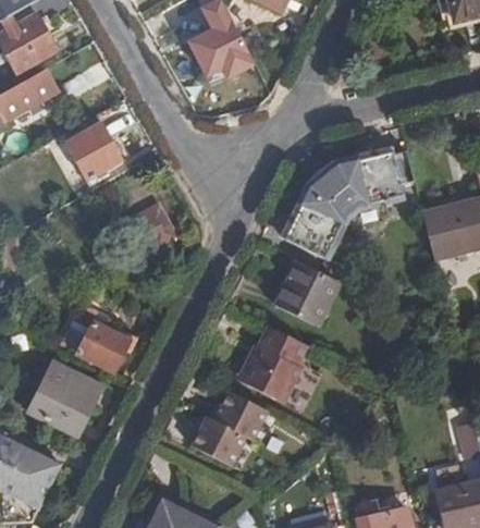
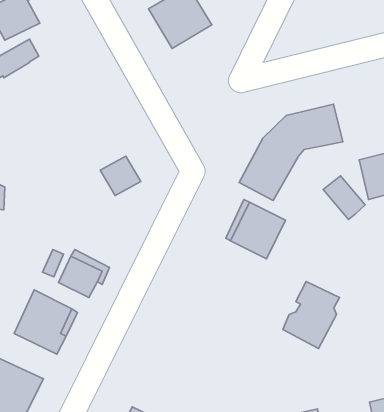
building: [65,125,123,189] -> none
building: none -> [323,176,365,219]
building: [242,327,307,404] -> [283,282,339,349]
building: [192,392,270,467] -> none

